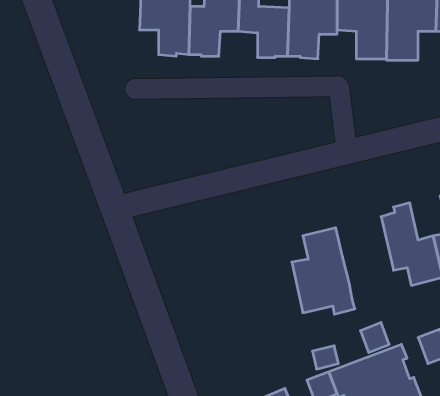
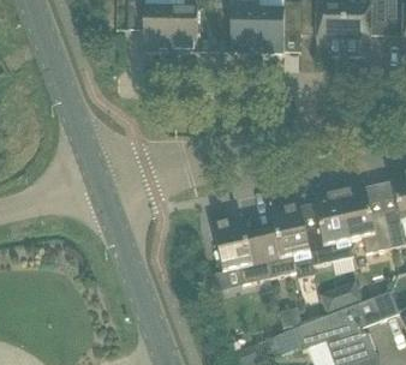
building: none -> [305,189,353,264]
building: none -> [211,216,270,282]

